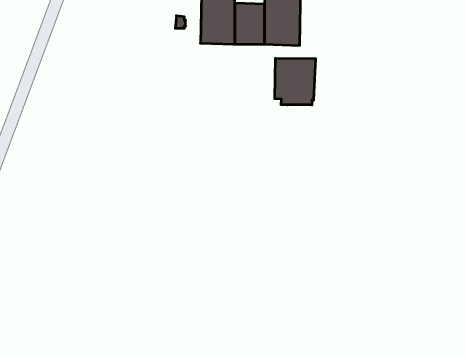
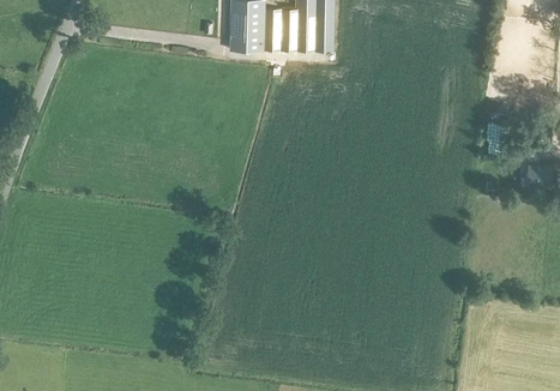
building: [275,58,316,105] -> none

